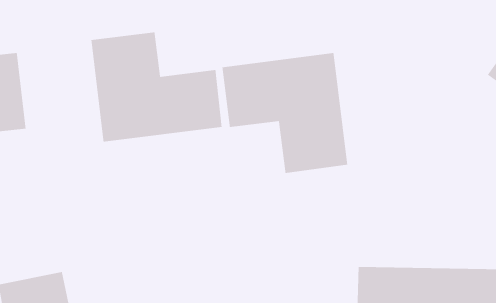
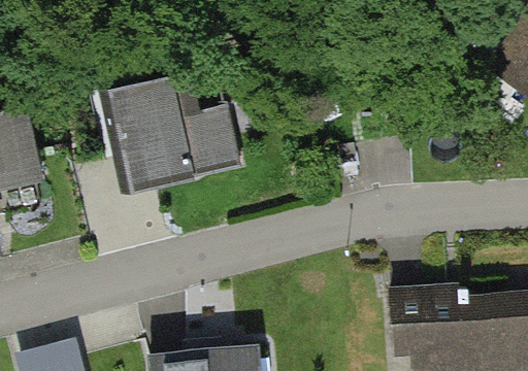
building: [222,52,348,174] -> none

